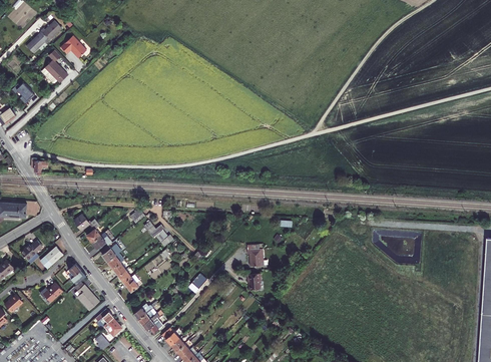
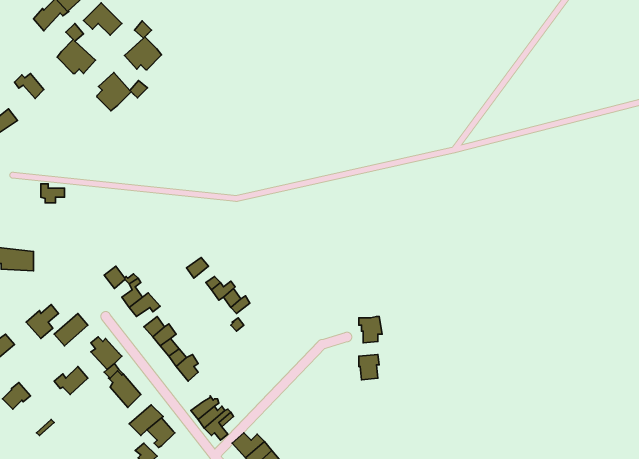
building: none -> [125,21,162,70]
building: none -> [97,73,148,111]

